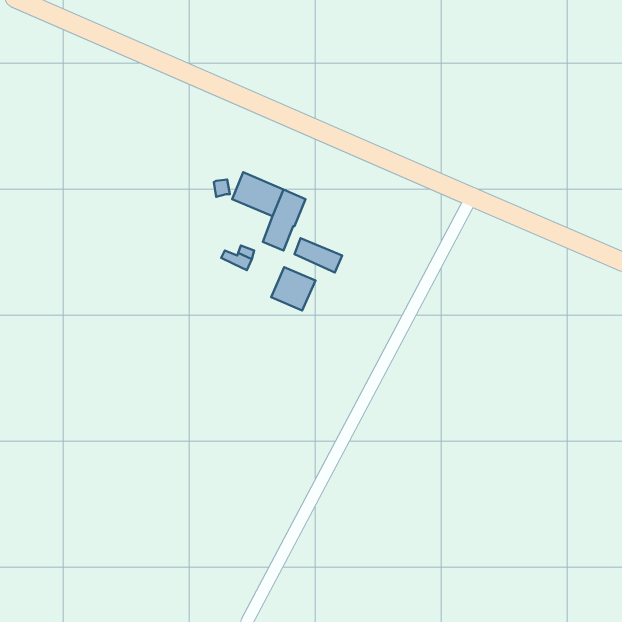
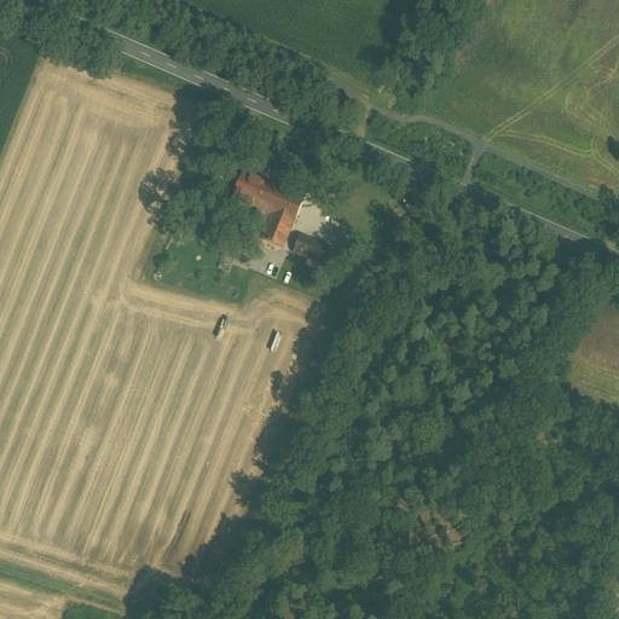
building: [271,267,315,310] -> none

